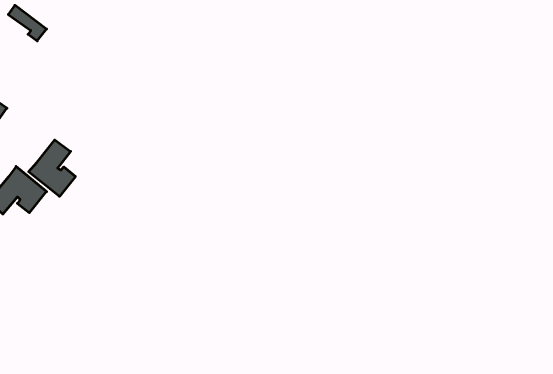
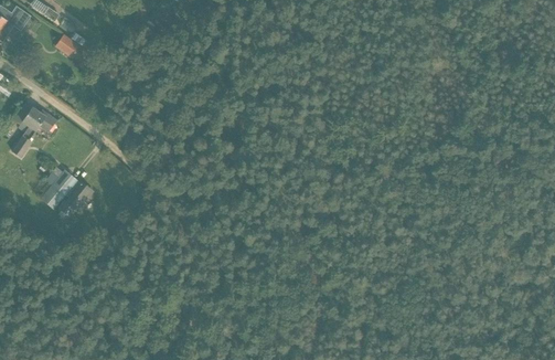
building: [29,140,75,196] -> none

